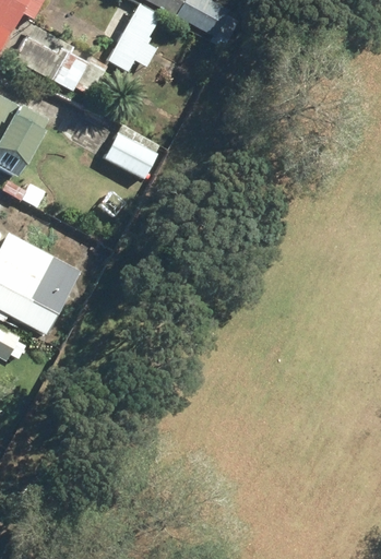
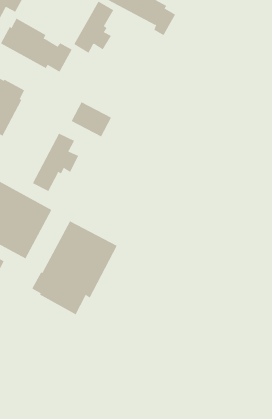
building: none -> [32,133,79,192]
building: none -> [32,220,118,315]

